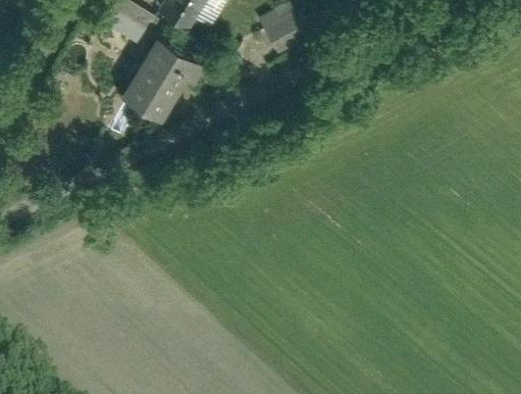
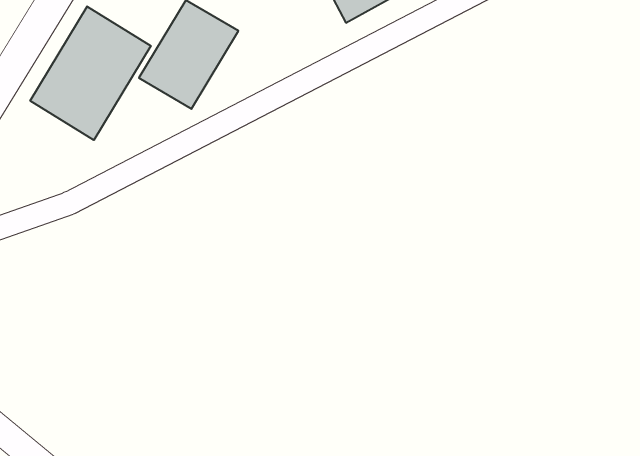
building: none -> [30,6,151,140]

